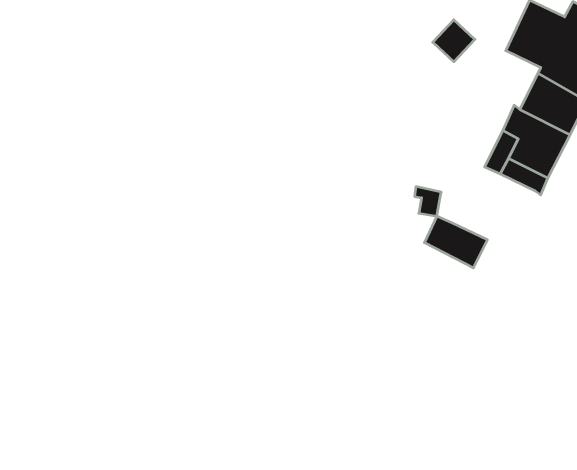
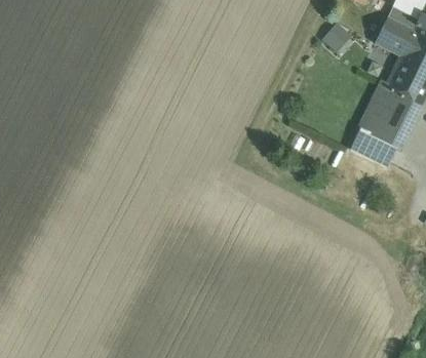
building: [424,216,487,268] -> [348,128,394,166]

